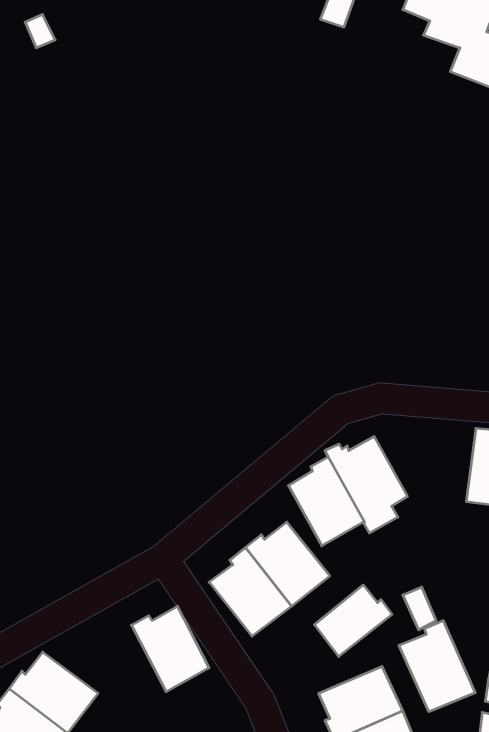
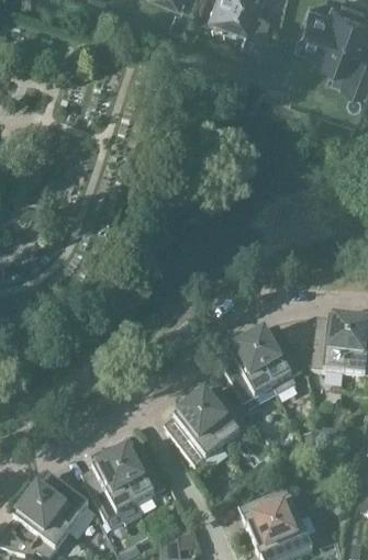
building: none -> [310,321,350,373]
building: [314,585,392,657] -> none
building: [399,621,475,712] -> none
building: none -> [83,459,136,520]

